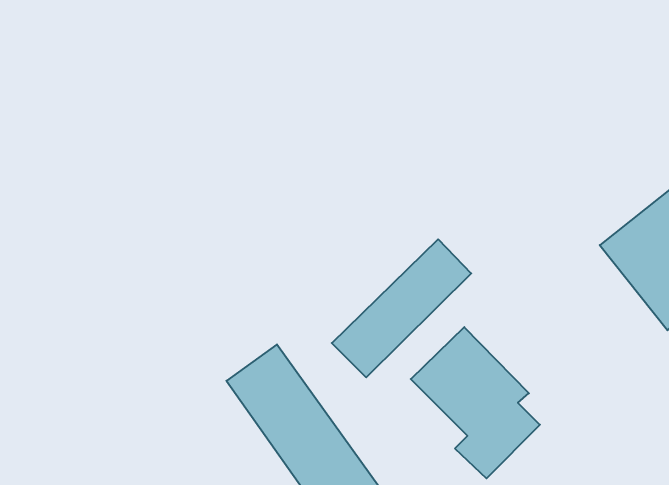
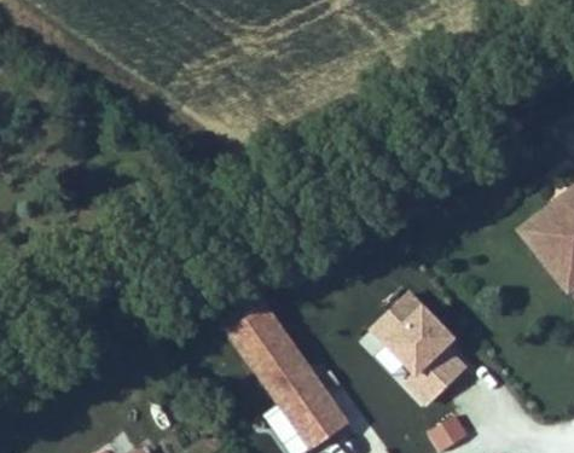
building: [332,239,471,377] -> none

